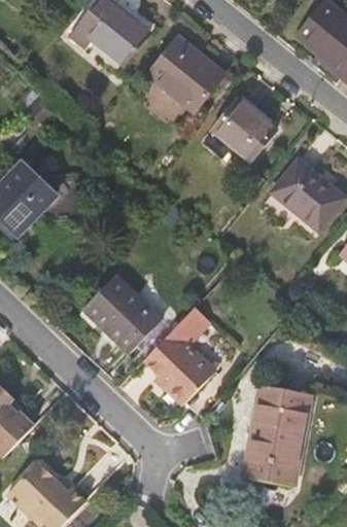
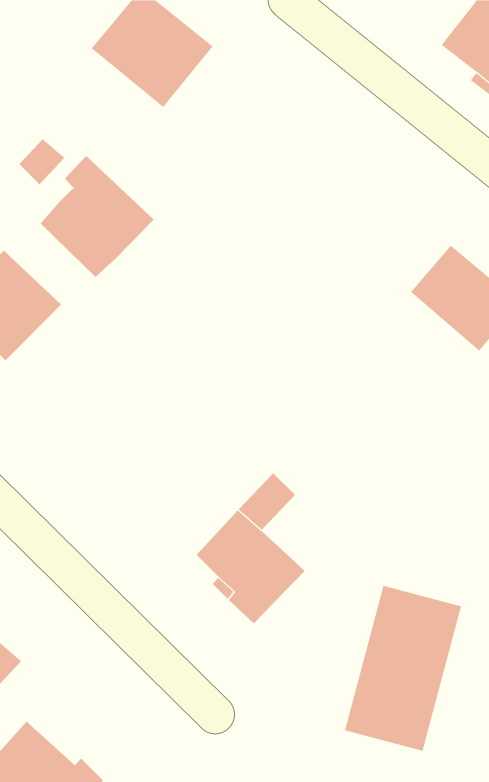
building: [153,36,230,110] -> none
building: [219,98,282,159] -> none
building: none -> [40,155,154,278]
building: [84,280,159,353] -> none

